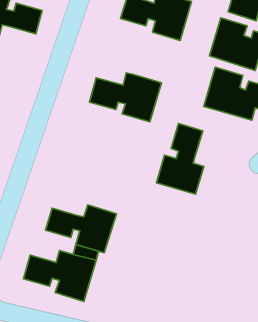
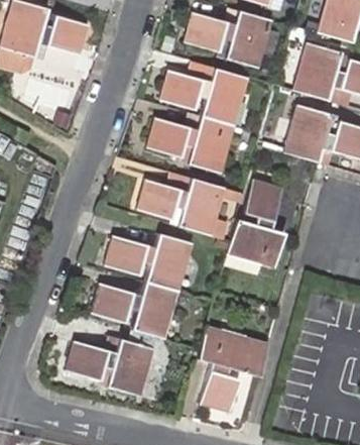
building: none -> [159,66,248,124]
building: none -> [139,166,229,234]
building: none -> [105,228,193,287]
building: none -> [198,320,270,409]

